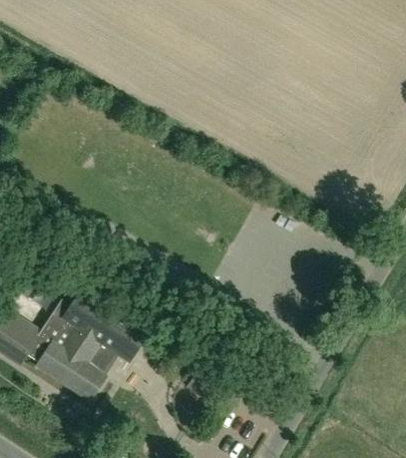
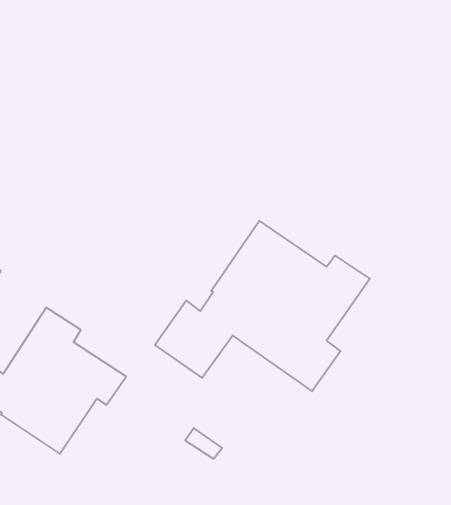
building: none -> [155,221,370,391]

